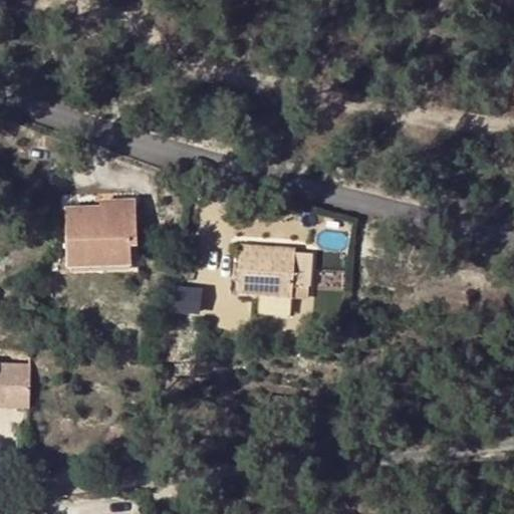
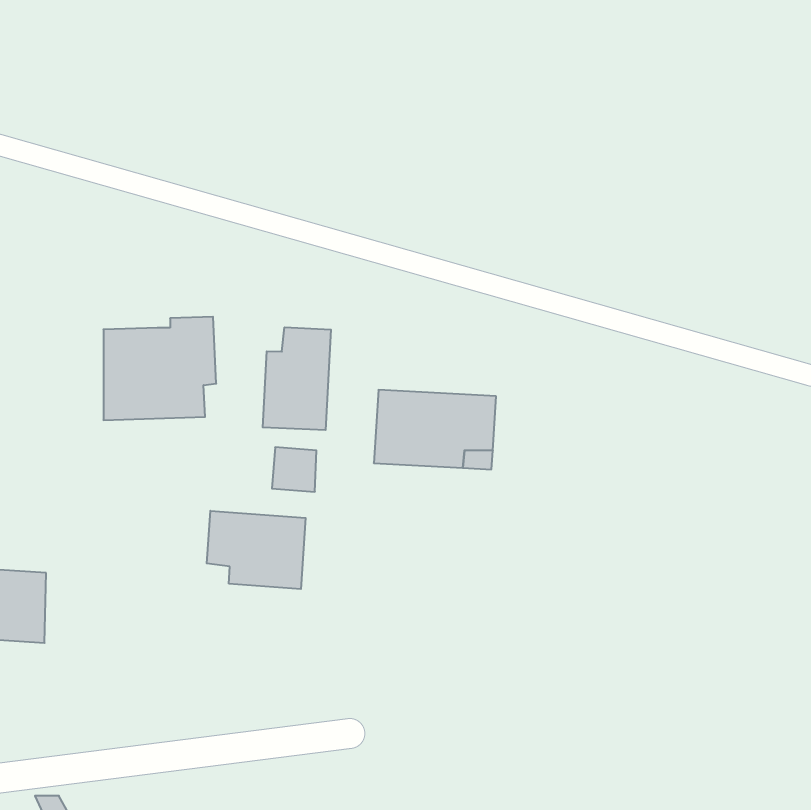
building: none -> [263,327,331,430]
building: none -> [207,511,306,589]

